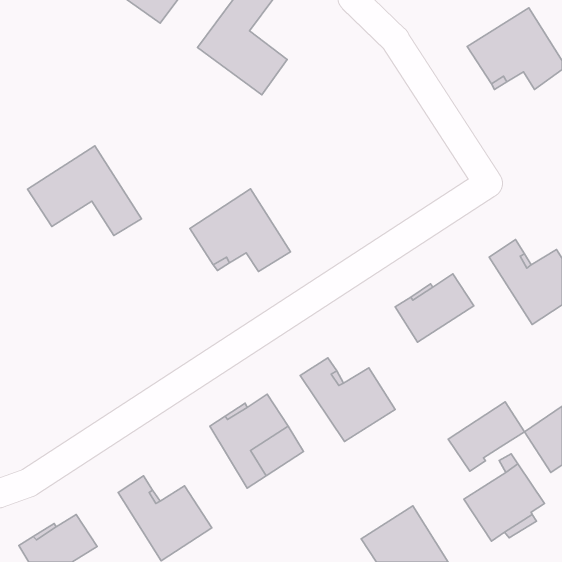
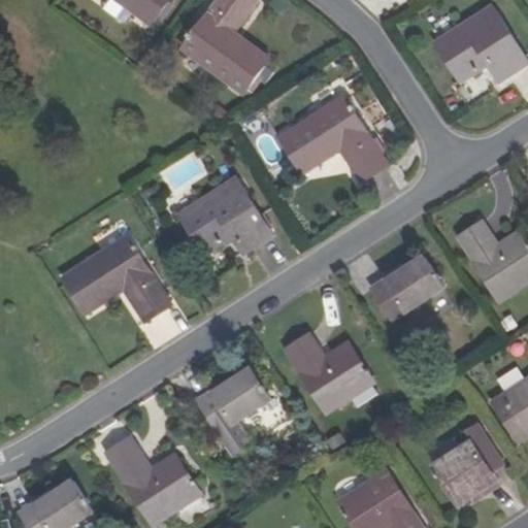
building: none -> [279,97,386,180]
building: [28,146,141,235] -> [65,236,171,320]
building: [448,402,524,471] -> none

